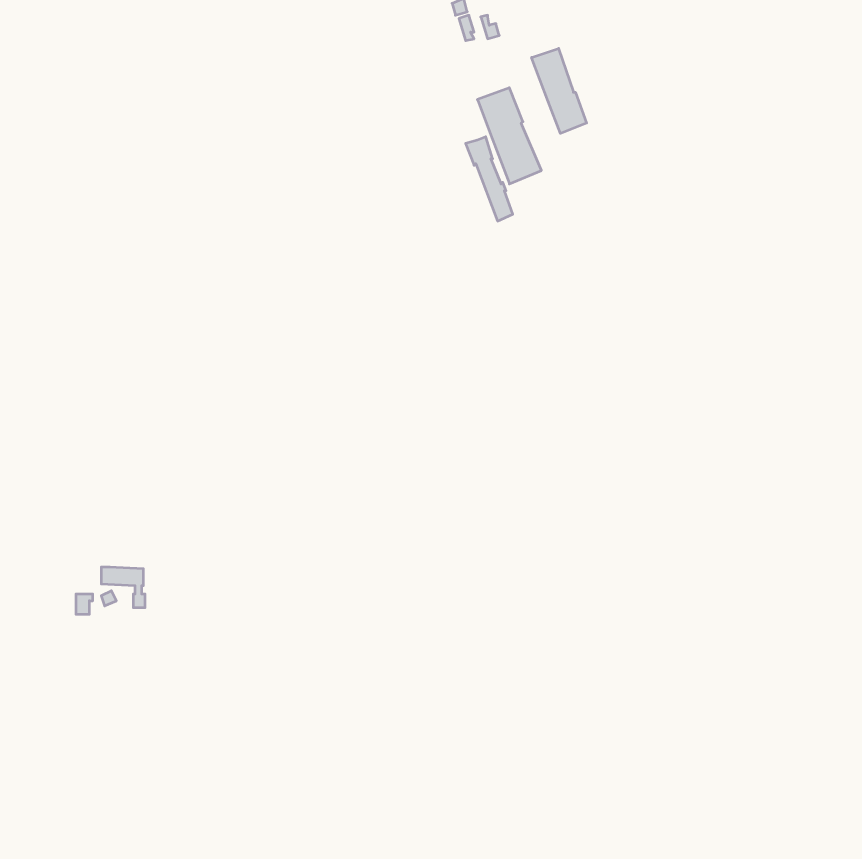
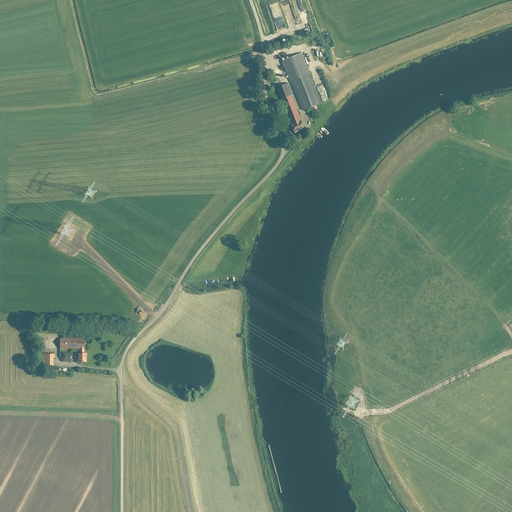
building: [532,48,587,133] -> none

